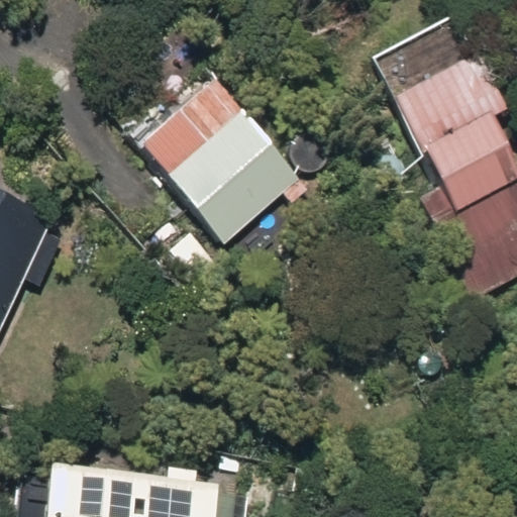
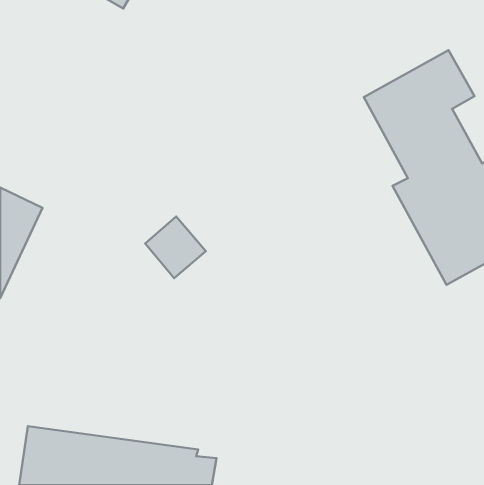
building: [140,112,300,244] -> none

